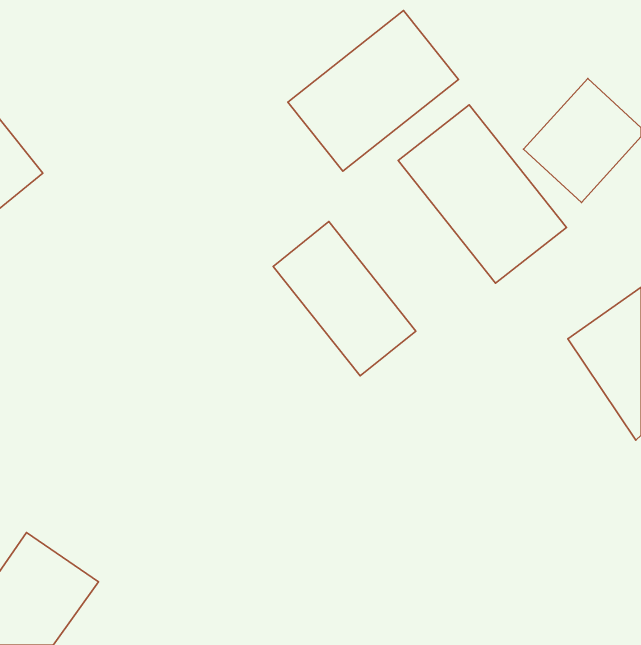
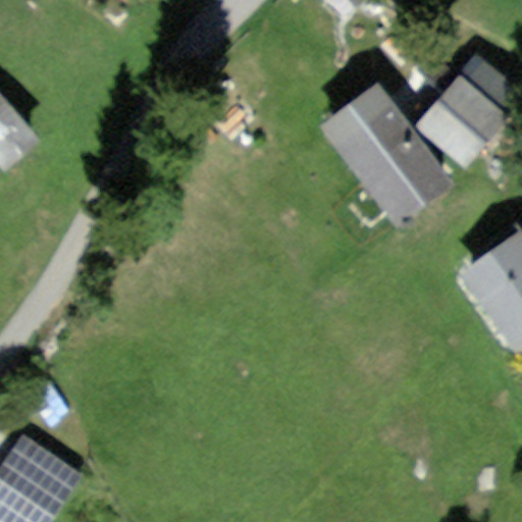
building: [288,11,458,171] -> none
building: [273,222,416,376] -> none

